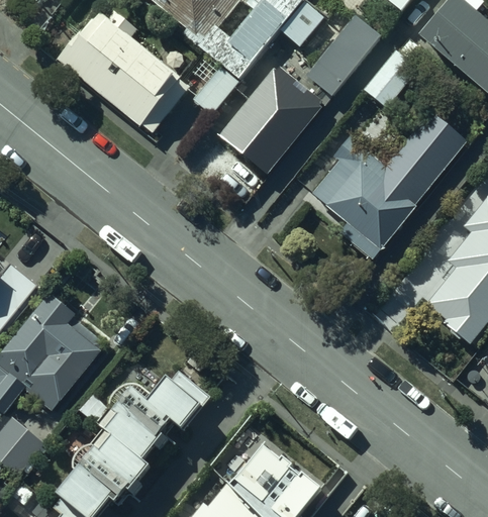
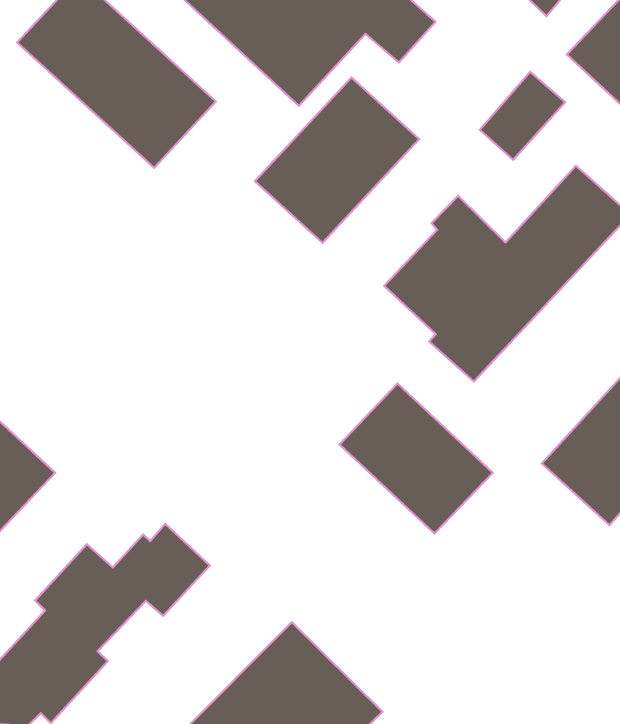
building: [311,18,387,101] -> none
building: none -> [339,384,493,534]

